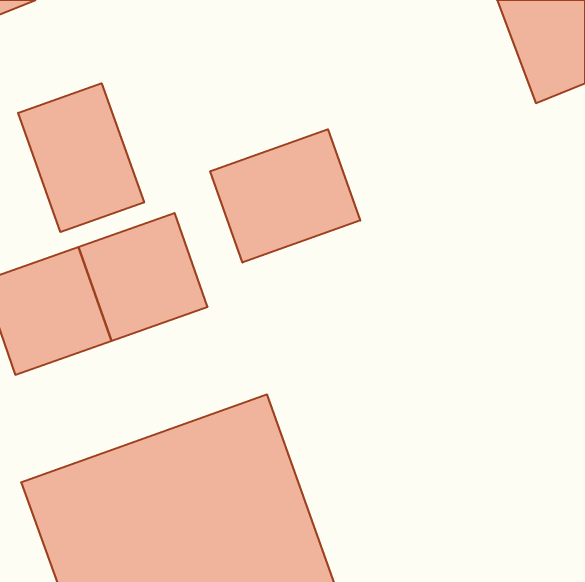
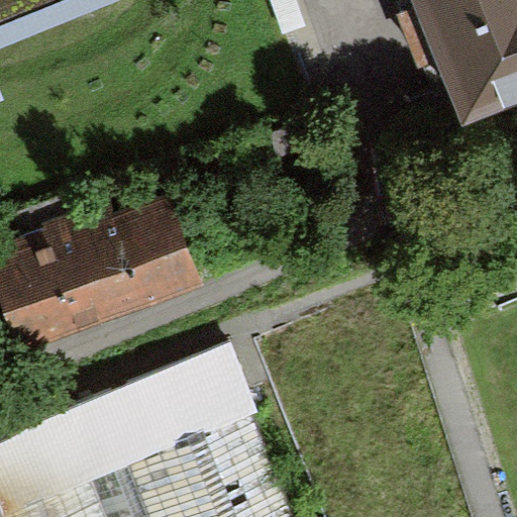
building: [18,83,144,232] -> none
building: [210,129,360,263] -> none

